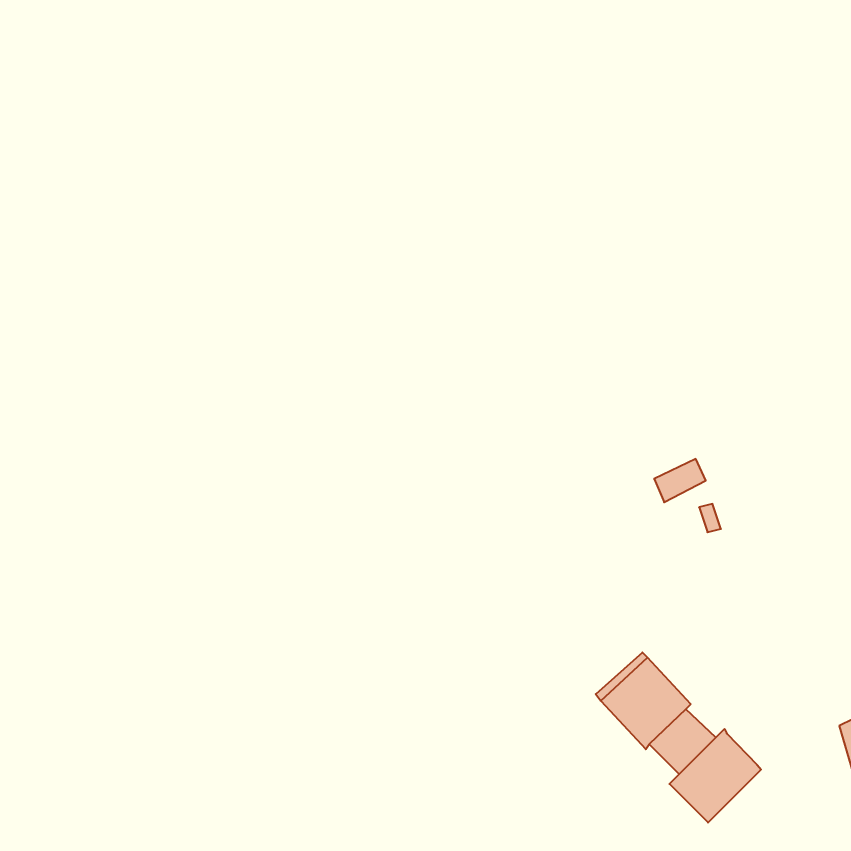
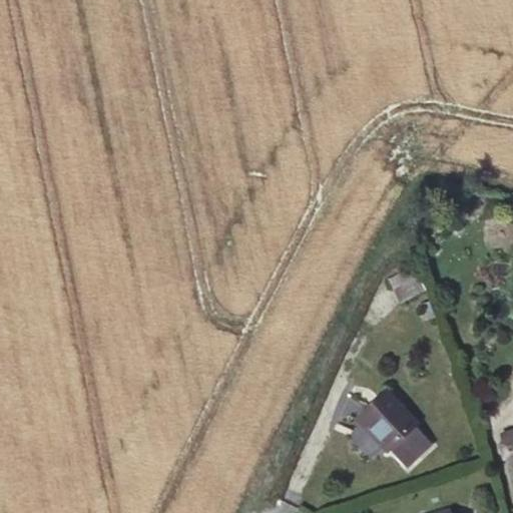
building: [669,729,761,823] -> none

